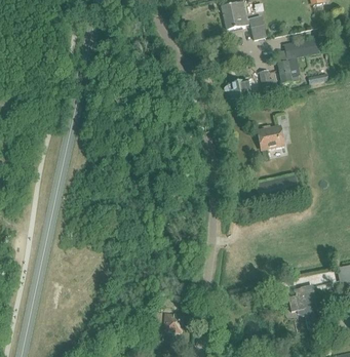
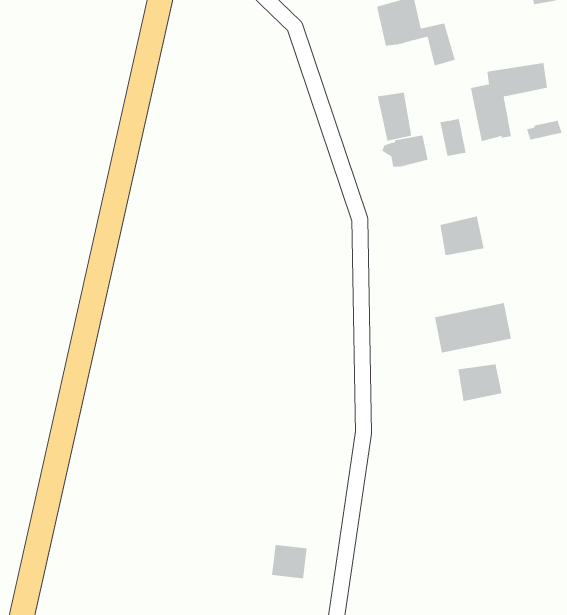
building: none -> [377,92,412,142]
building: none -> [458,363,502,402]
building: [288,283,321,329] -> none

